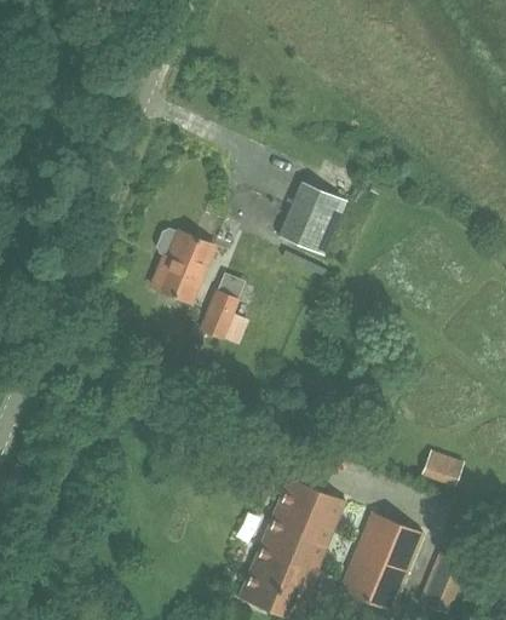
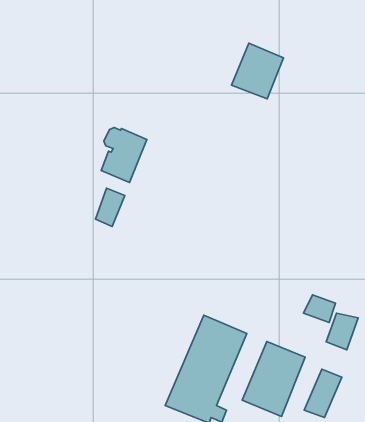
building: [278,182,347,256] -> [231,43,284,99]
building: [200,289,238,340] -> [96,188,125,227]
building: none -> [326,313,358,350]

